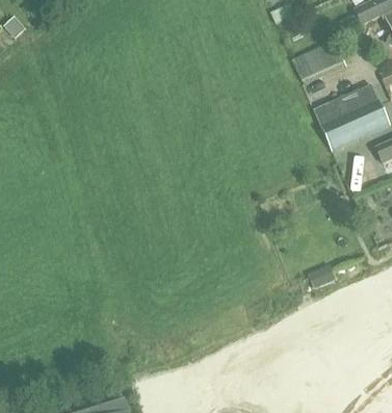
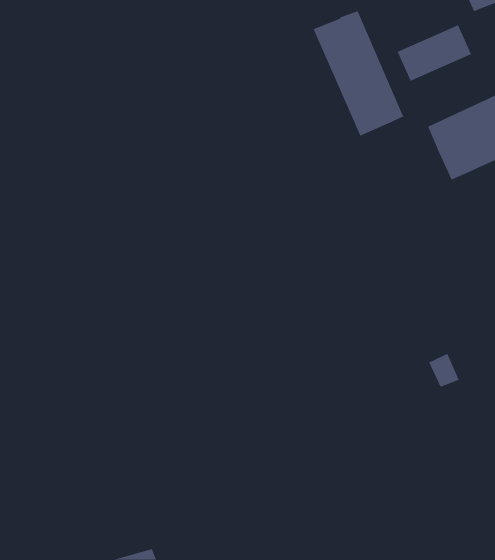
building: none -> [313,10,405,137]

